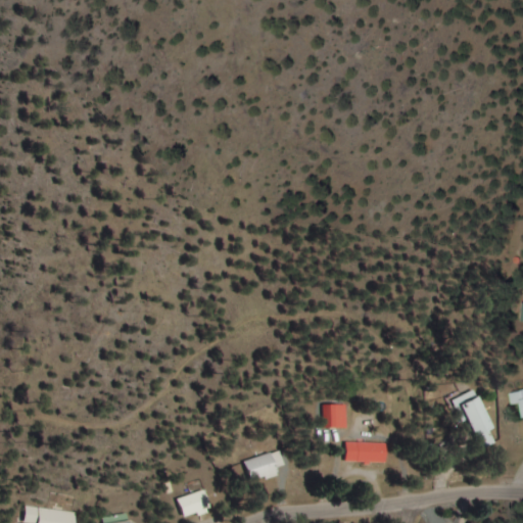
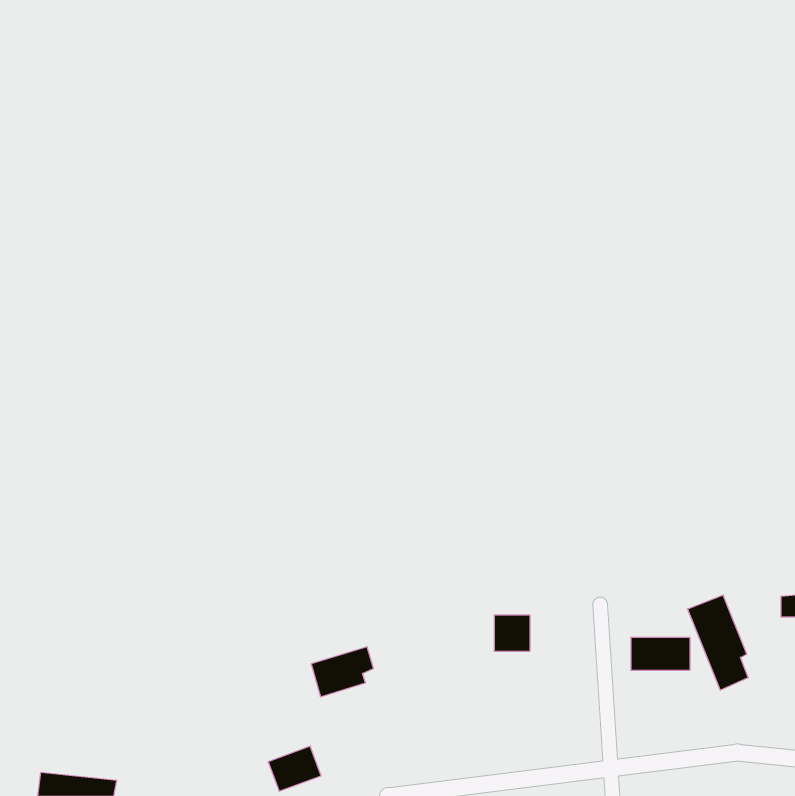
building: [346,441,385,463] -> [631,637,690,670]
building: [244,450,285,483] -> [311,647,373,697]

